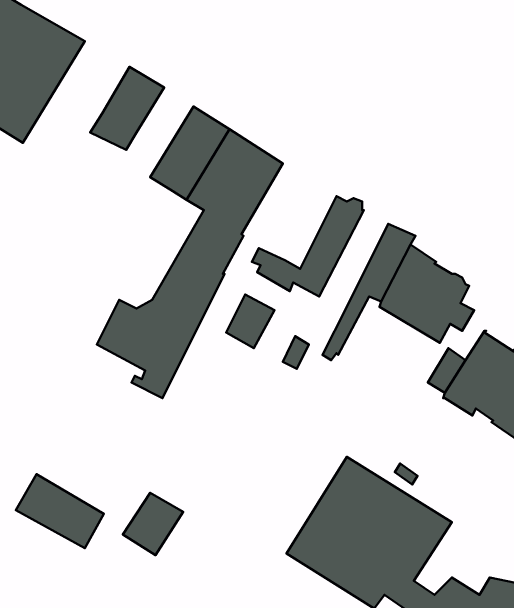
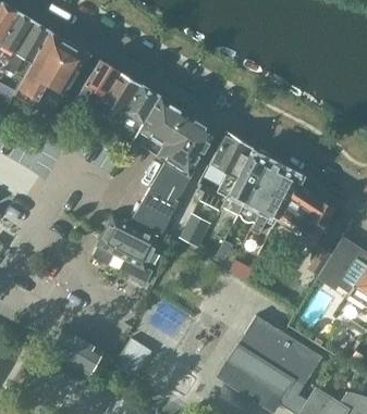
building: none -> [75,60,119,106]
building: none -> [120,84,159,142]
building: none -> [209,131,253,198]
building: none -> [233,161,282,228]

